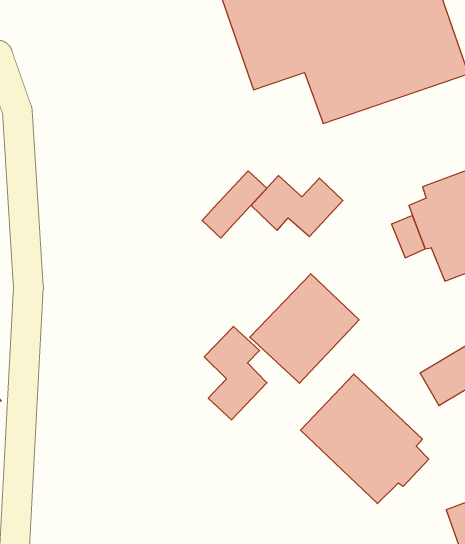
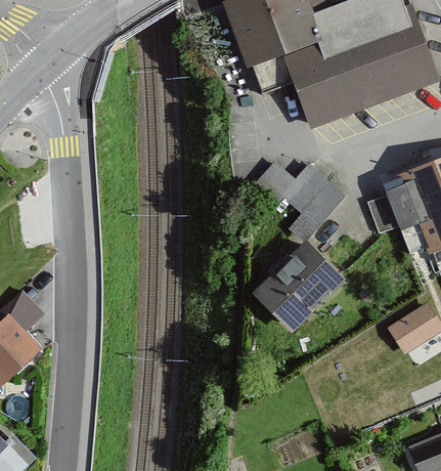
building: [202,171,267,238] -> [290,183,343,239]
building: [204,326,267,420] -> none
building: [301,374,429,504] -> none

